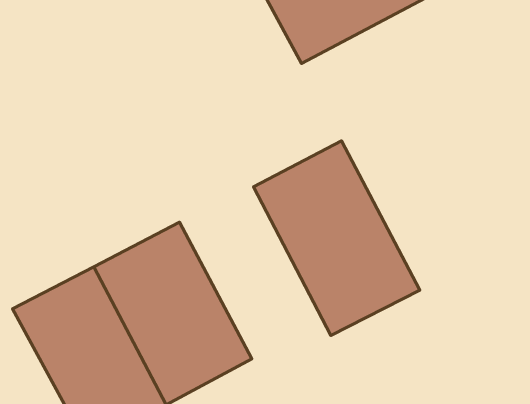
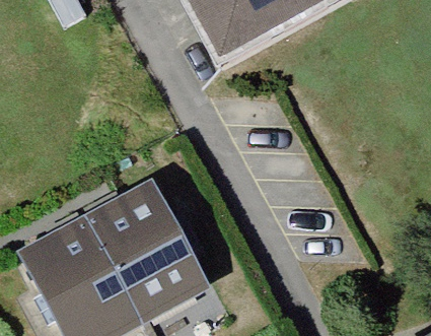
building: [254,141,420,336] -> none

